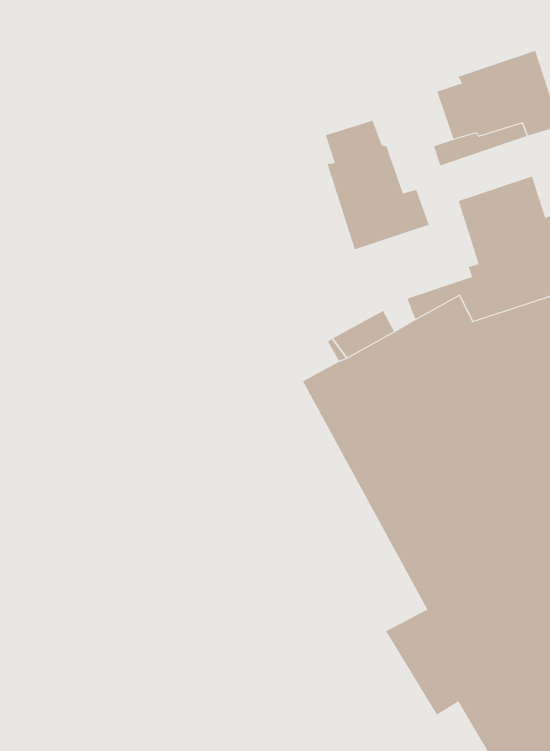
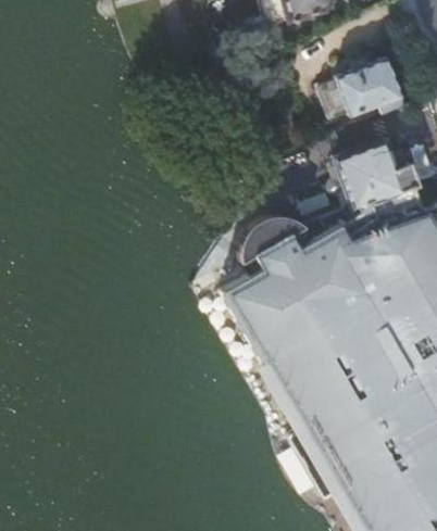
building: [325,120,429,250] -> none
building: none -> [217,276,316,440]

